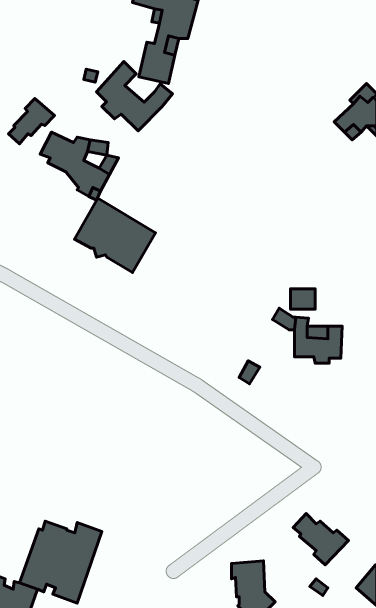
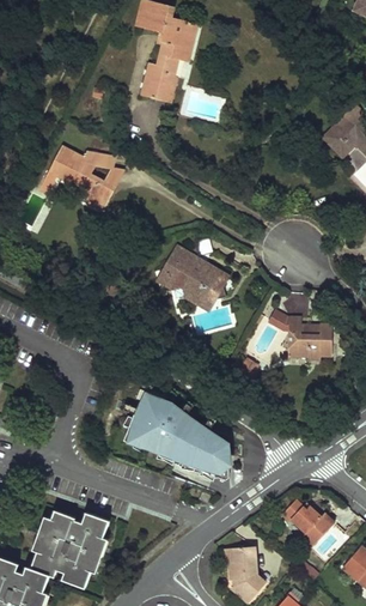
building: [96,62,173,131] -> none
building: [9,98,54,144] -> none
building: [75,198,156,273] -> [154,243,230,313]
building: none -> [127,389,234,474]

